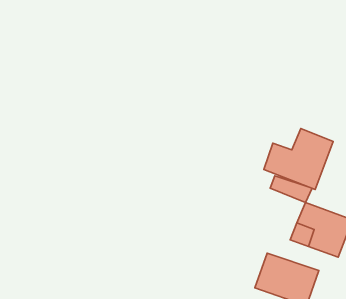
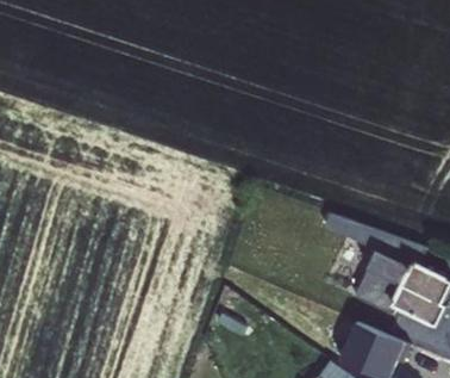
building: [264,128,333,189] -> none

